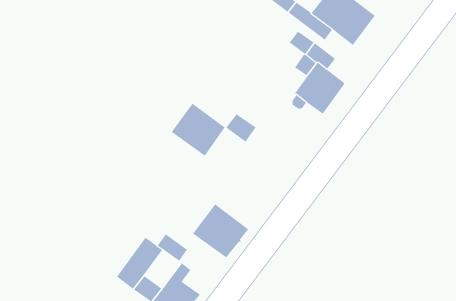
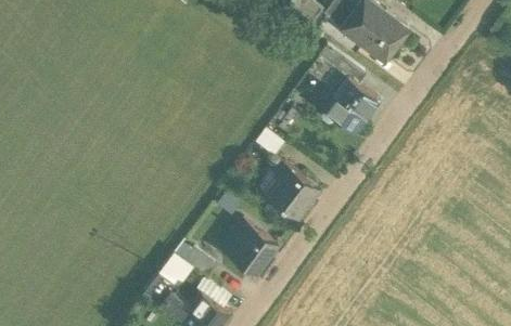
building: [171,103,226,156] -> [264,165,319,219]

